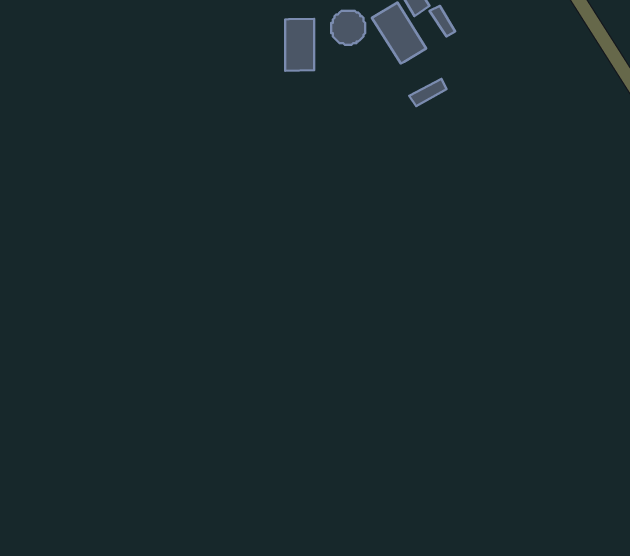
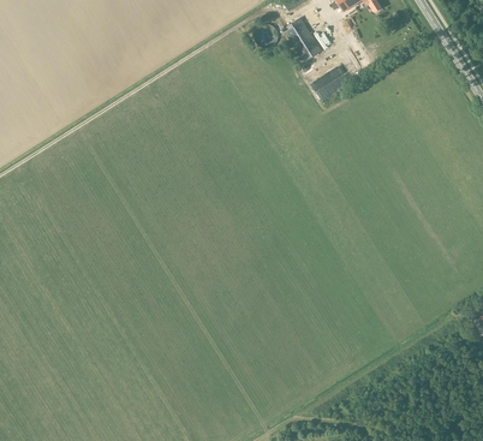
building: [285,19,314,71] -> none

